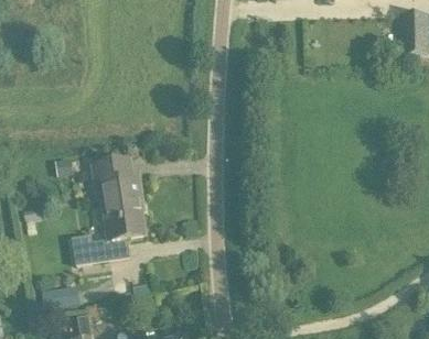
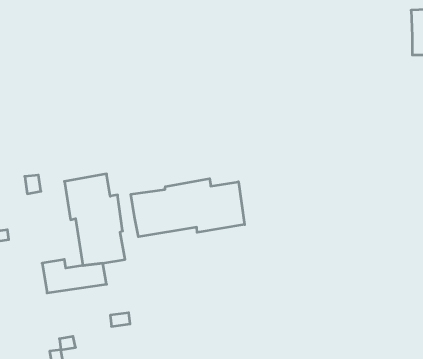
building: none -> [131,179,245,237]

